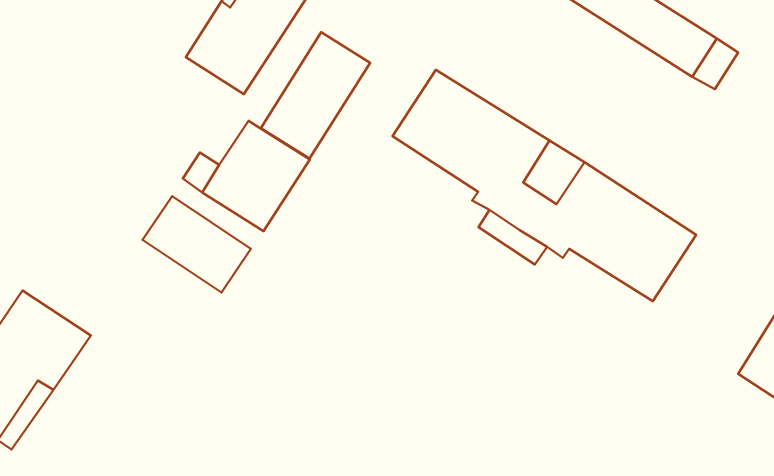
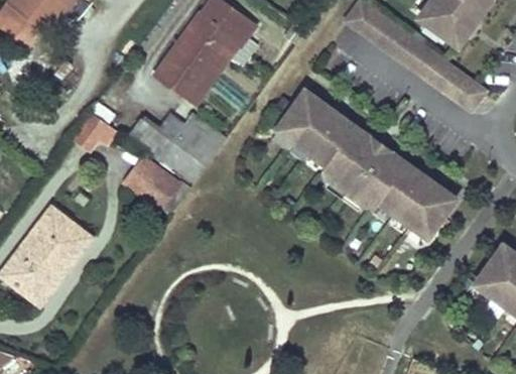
building: [261,32,370,159] -> none
building: none -> [72,114,118,154]

